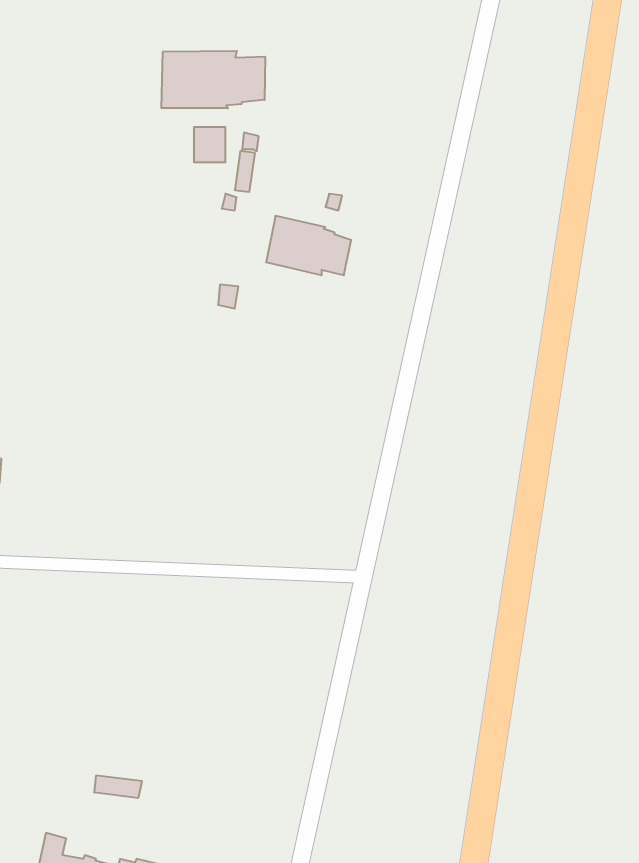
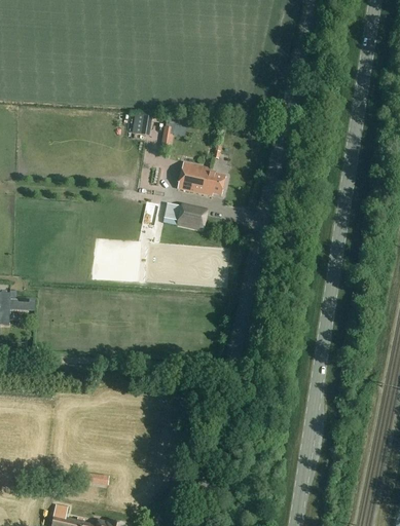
building: [162,51,265,108] -> none
building: none -> [175,204,207,231]

